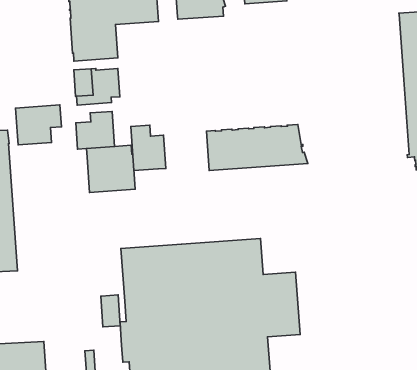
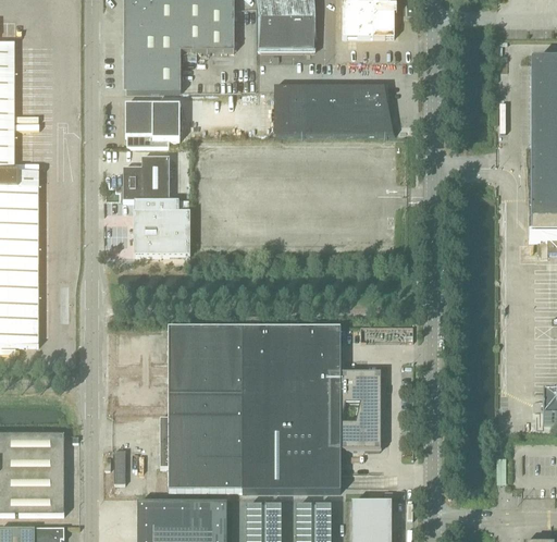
building: [16,105,61,145] -> none
building: [206,124,308,171] -> [274,84,396,133]
building: [131,125,166,171] -> none
building: [101,295,120,327] -> none

